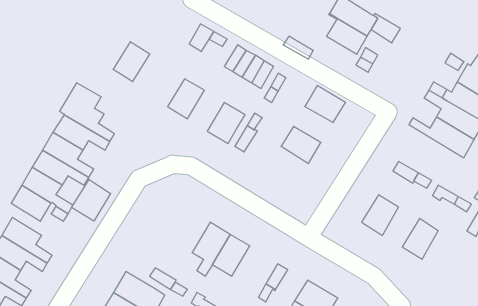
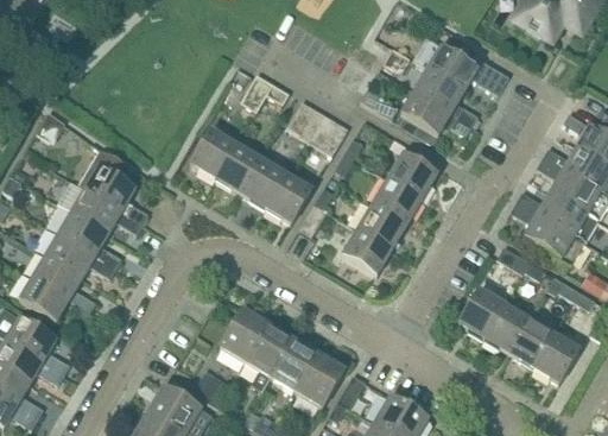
building: none -> [400,89,452,134]
building: [113,42,150,82] -> [190,127,236,177]
building: none -> [240,157,286,208]
building: none -> [373,177,423,222]
building: none -> [511,200,587,264]
building: none -> [342,227,392,273]
building: [72,179,111,221] -> none
building: none -> [484,303,531,353]
building: none -> [220,307,268,360]
building: none -> [534,333,580,383]
building: none -> [296,352,344,405]

